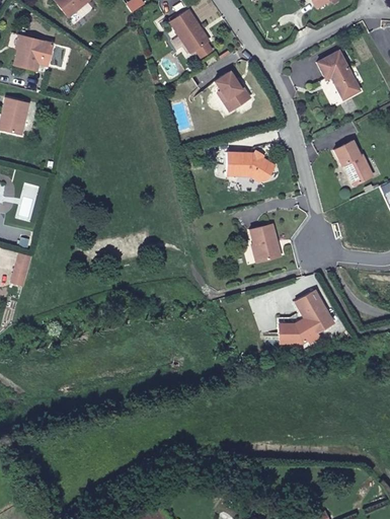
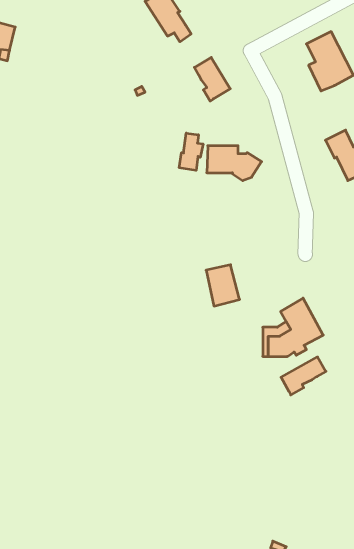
building: none -> [179,133,203,170]
building: [251,224,282,262] -> [206,265,240,306]
building: none -> [281,357,326,395]

